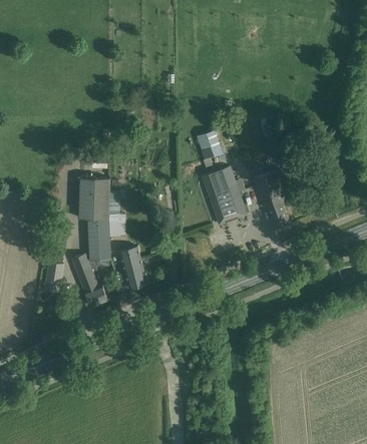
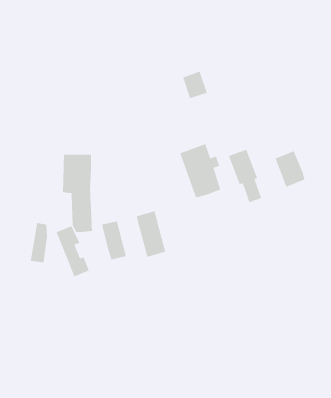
building: [197,129,224,159] -> [182,70,208,99]
building: none -> [274,150,306,188]
building: none -> [136,210,166,258]

